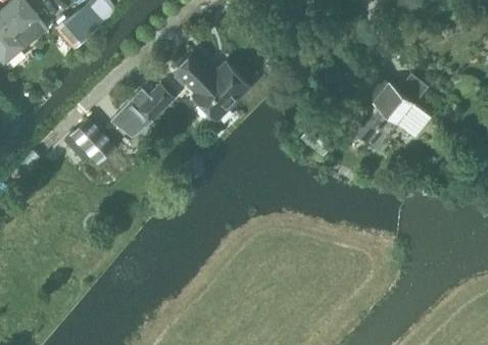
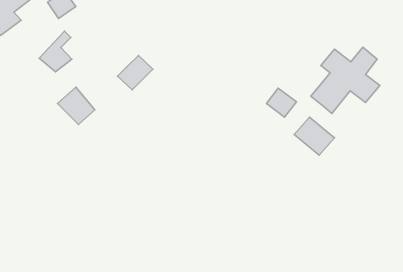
building: [177,53,248,118] -> none
building: [110,91,147,137] -> [39,31,72,72]
building: none -> [294,117,335,155]

